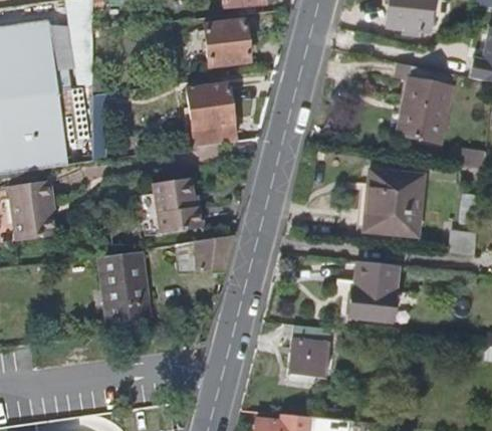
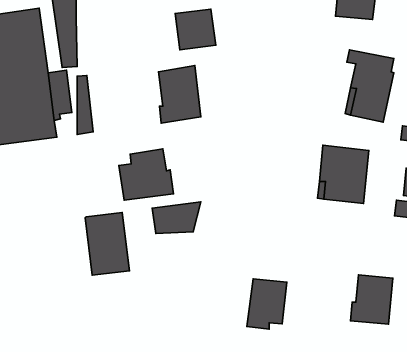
building: [10,181,55,241] -> none
building: [361,263,410,319] -> [350,275,393,324]

